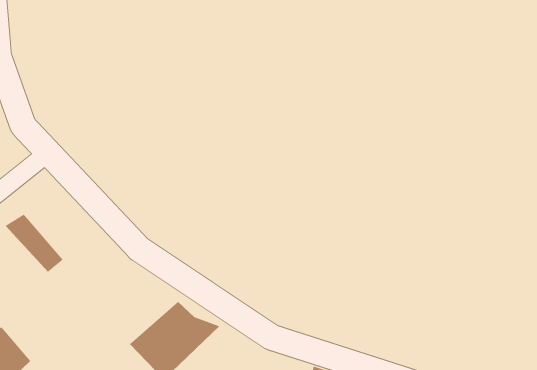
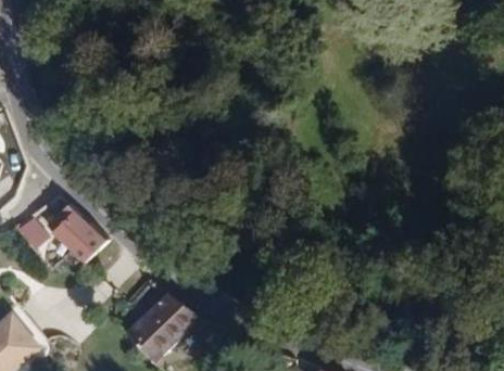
building: none -> [48,192,103,260]

